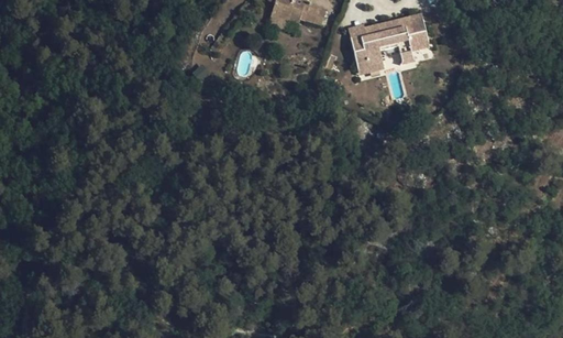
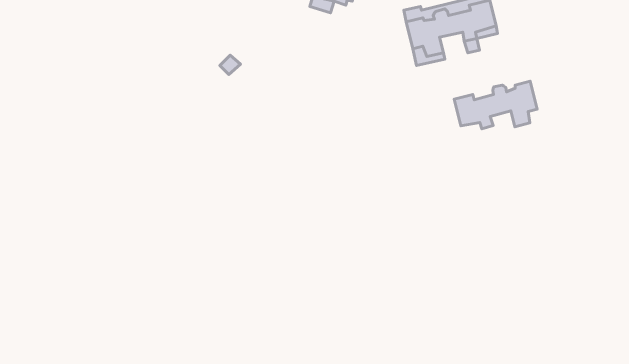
building: none -> [454,81,537,129]

